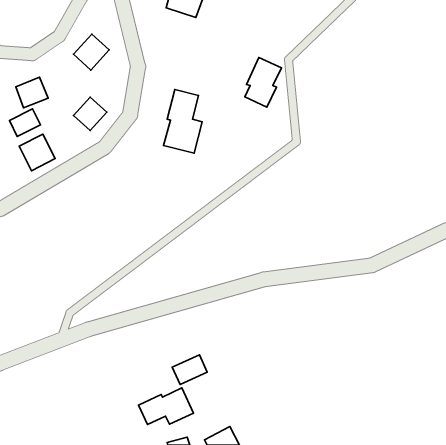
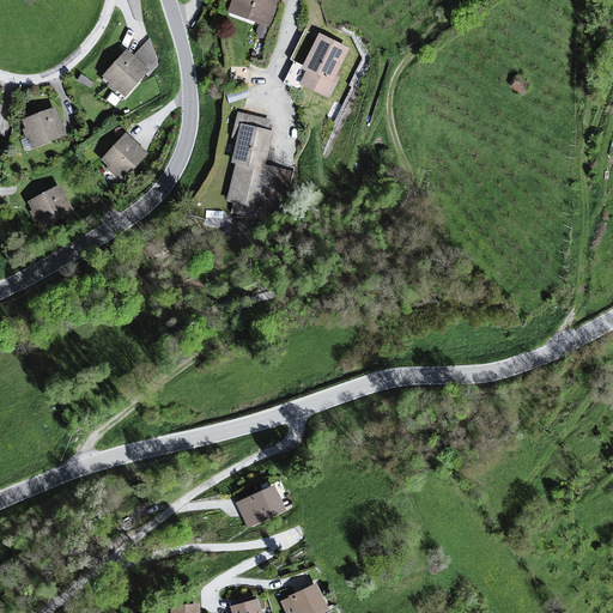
building: [245,57,282,107] -> [298,31,348,99]
building: [9,109,40,137] -> none
building: [139,388,194,425] -> none

